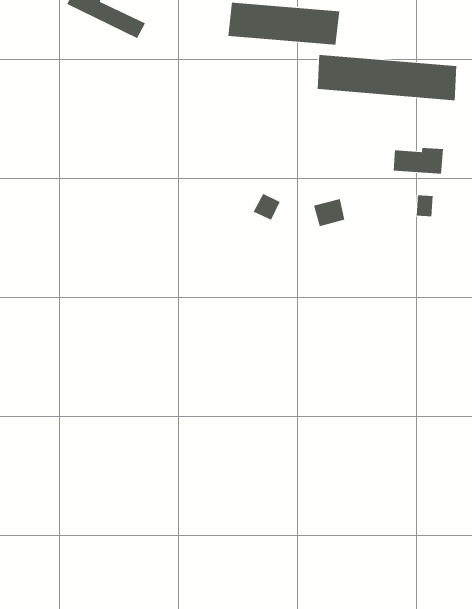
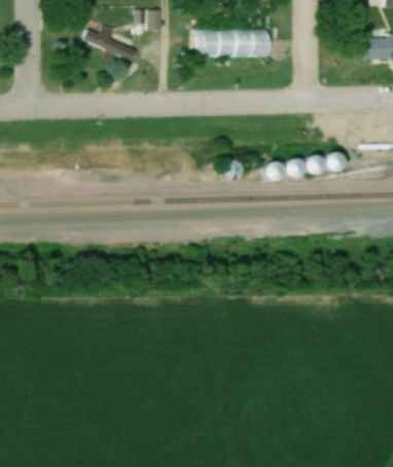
building: [317,54,457,101] -> none
building: [393,147,444,174] -> [289,156,323,174]

